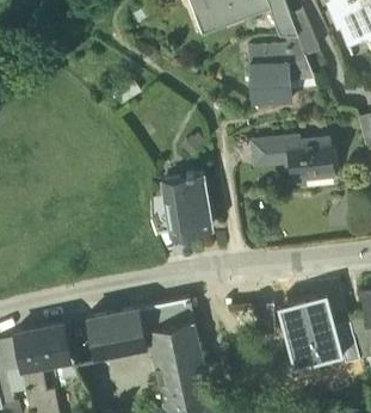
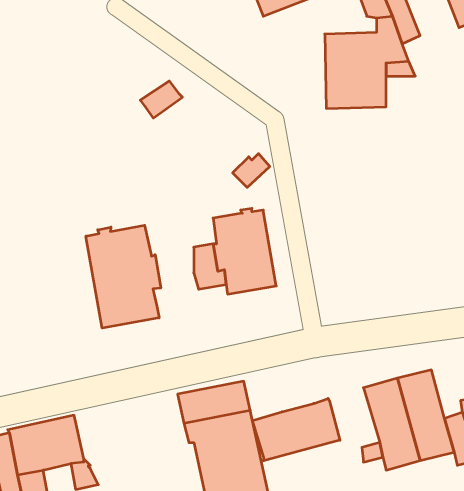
building: [254,137,335,183] -> none
building: none -> [86,225,161,328]
building: [87,310,148,358] -> none
building: none -> [253,398,340,461]

